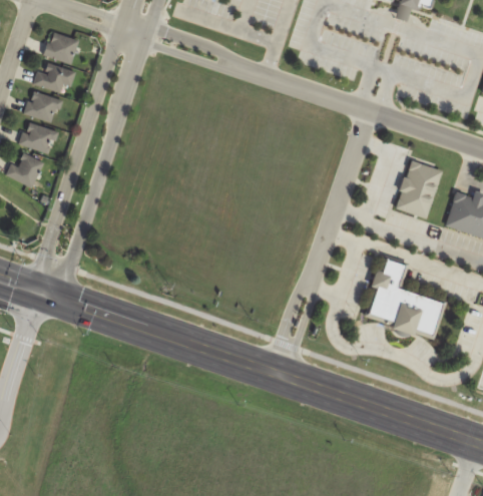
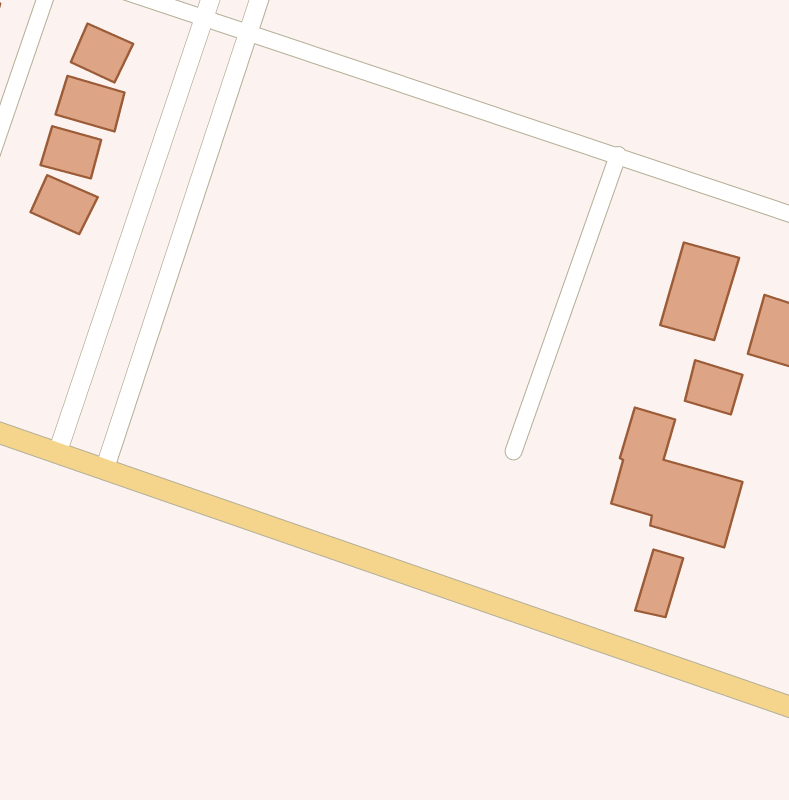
building: [7,152,44,187] -> none
building: none -> [685,360,742,415]
building: none -> [635,550,683,617]

